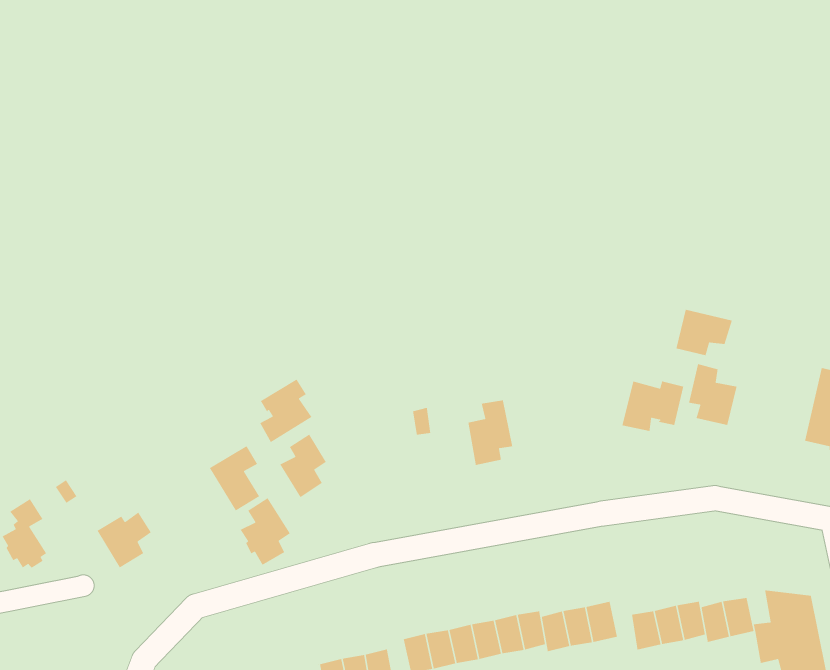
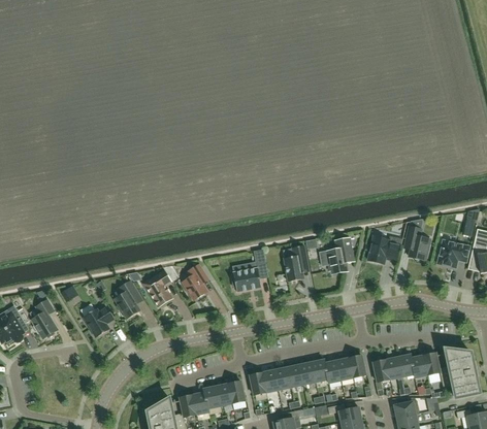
building: [676,309,733,356] -> [437,240,468,266]
building: [259,378,313,443] -> none
building: none -> [327,238,353,273]
building: none -> [231,267,260,291]
building: [239,497,291,566] -> [113,280,141,318]

